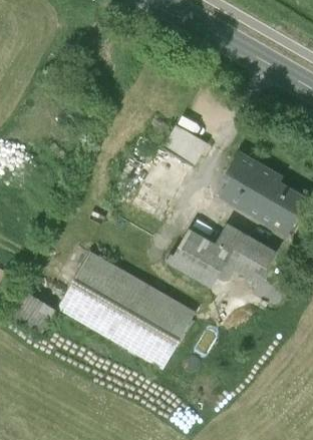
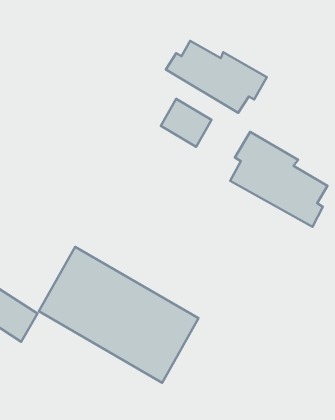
building: none -> [166,41,267,113]
building: [171,225,275,285] -> none

